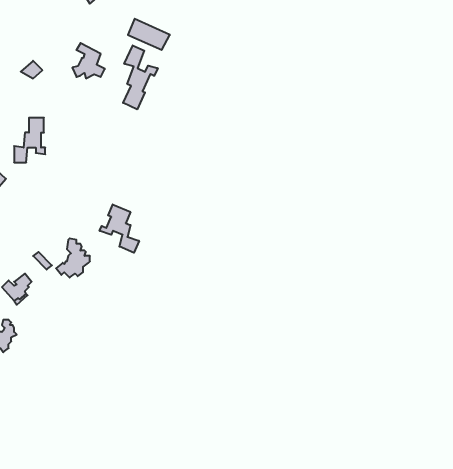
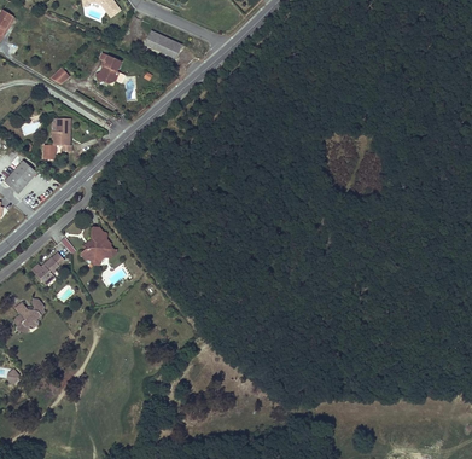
building: [123,45,158,109] -> none
building: [100,204,139,253] -> none

